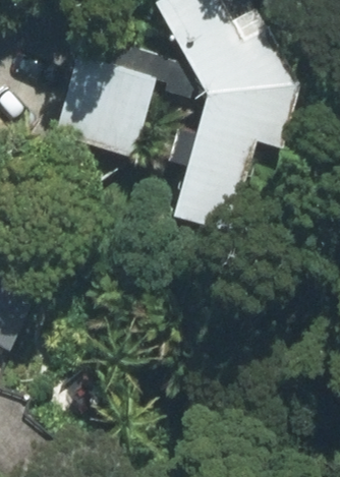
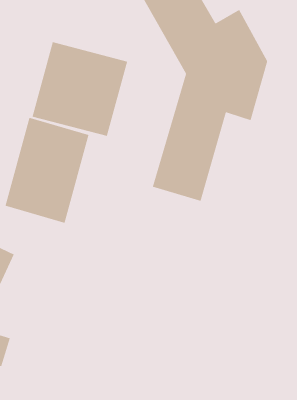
building: none -> [4,117,89,224]

